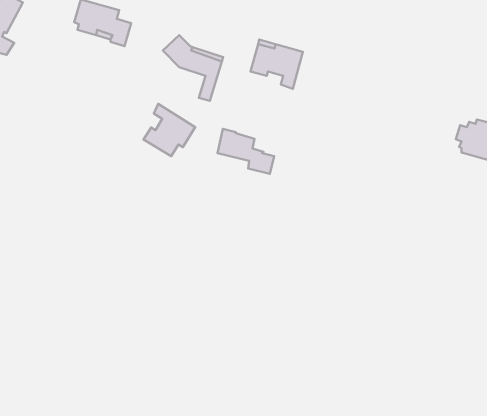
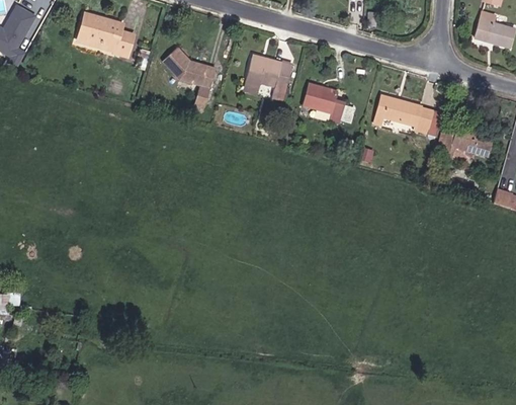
building: none -> [370,94,430,132]
building: [144,104,195,156] -> none
building: [217,129,274,174] -> [300,83,353,125]

